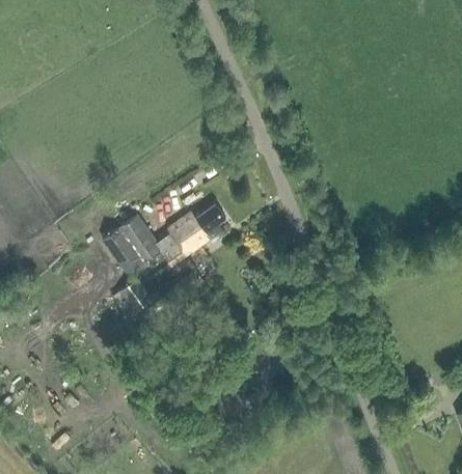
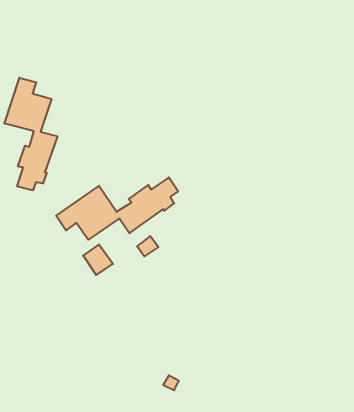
building: none -> [4,78,57,190]

